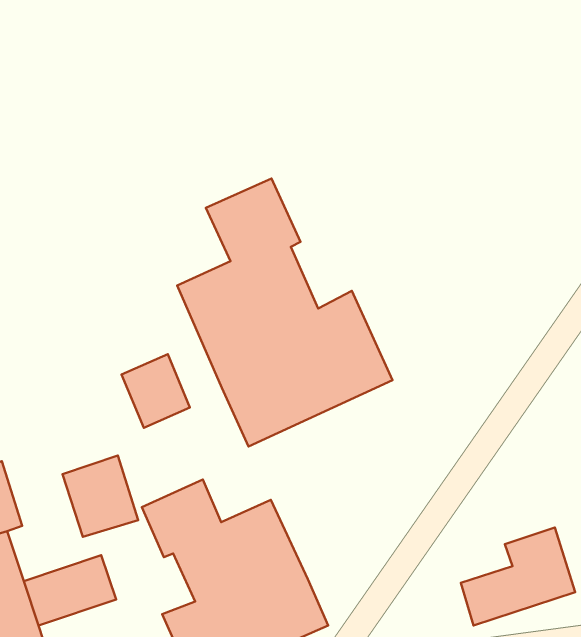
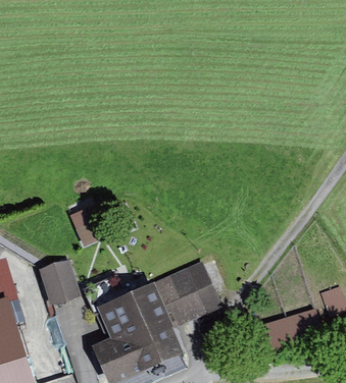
building: [177,179,392,446] -> none
building: none -> [152,260,221,326]

